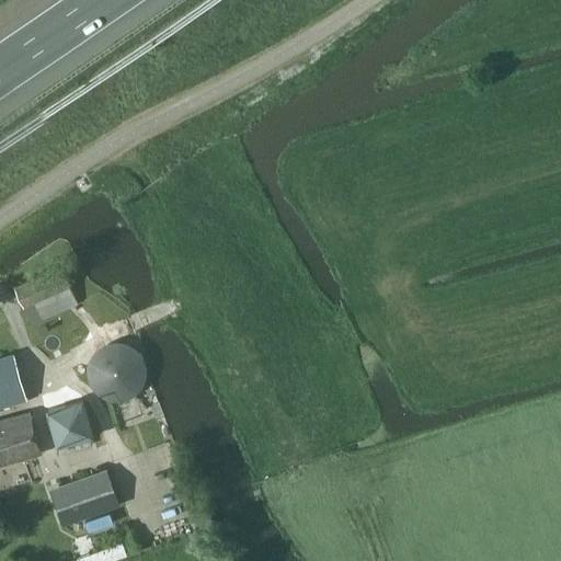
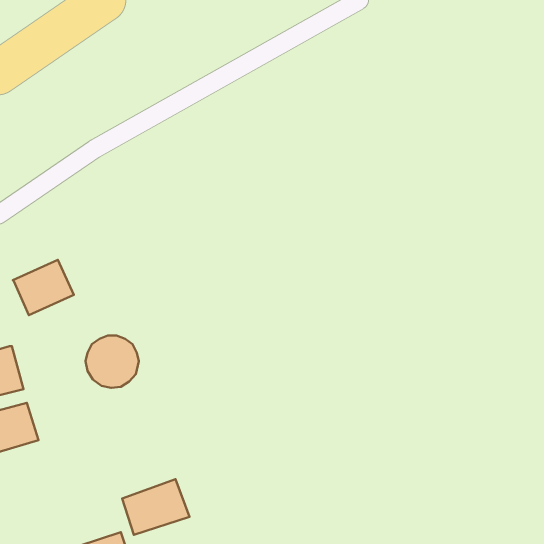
building: [45,402,94,449] -> none
building: [49,470,118,527] -> [122,479,189,535]

